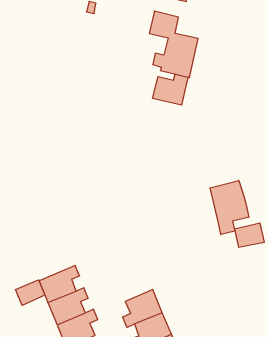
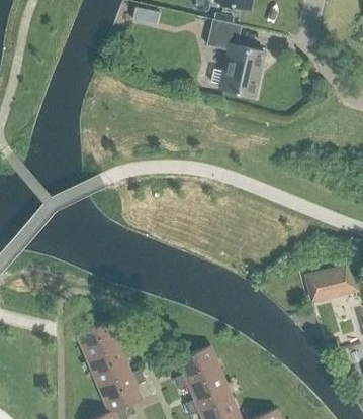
building: [153,74,188,105] -> none
building: [210,180,249,235] -> none
building: [15,280,45,305] -> none

